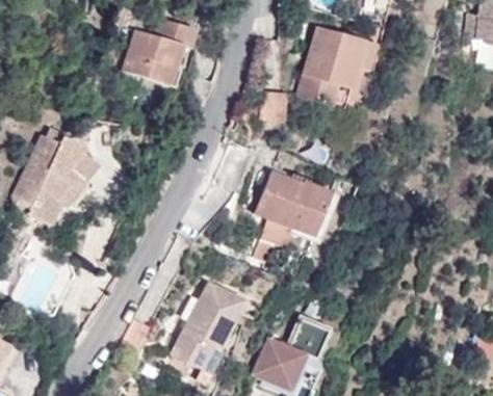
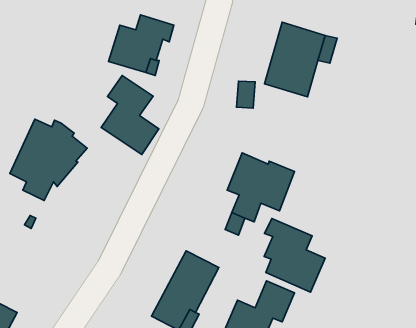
building: none -> [101,75,159,154]
building: none -> [264,218,325,292]

